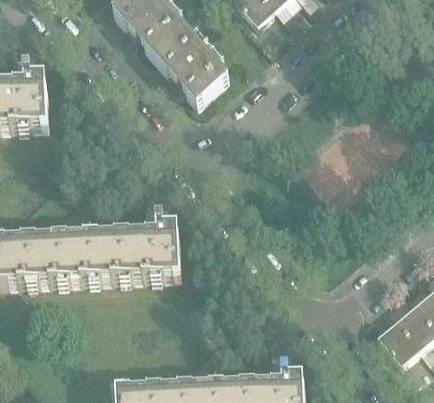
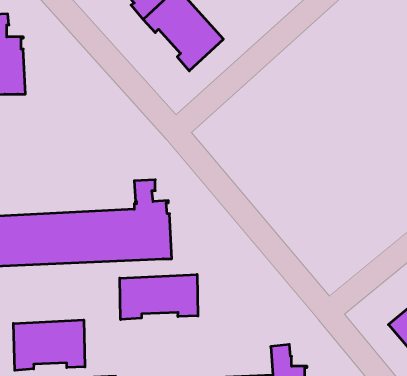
building: none -> [120,274,198,320]
building: none -> [13,320,85,370]

